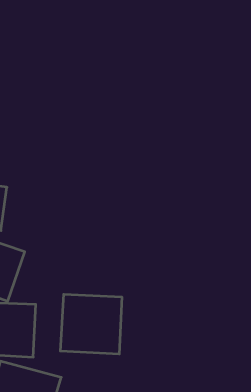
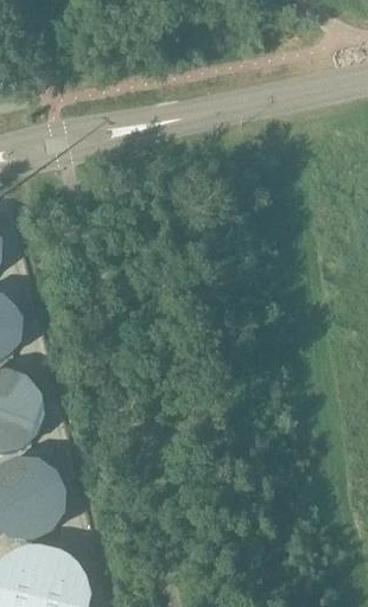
building: [60,294,122,354] -> none

